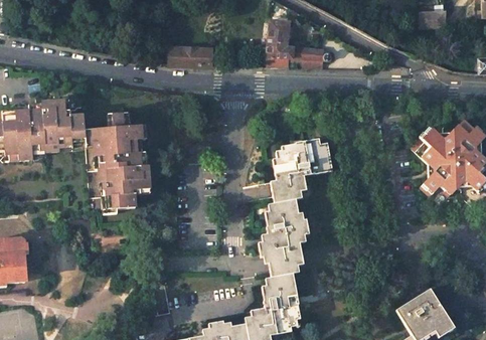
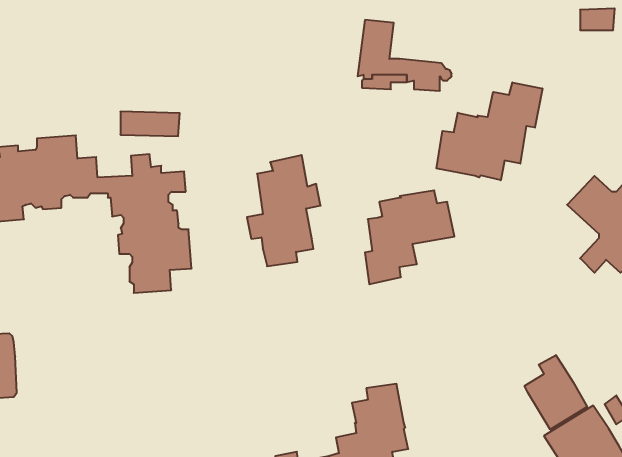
building: [170,49,211,66] -> [120,112,180,136]
building: none -> [436,82,542,180]
building: [258,199,309,277] -> [247,155,321,266]
building: none -> [525,355,587,430]

